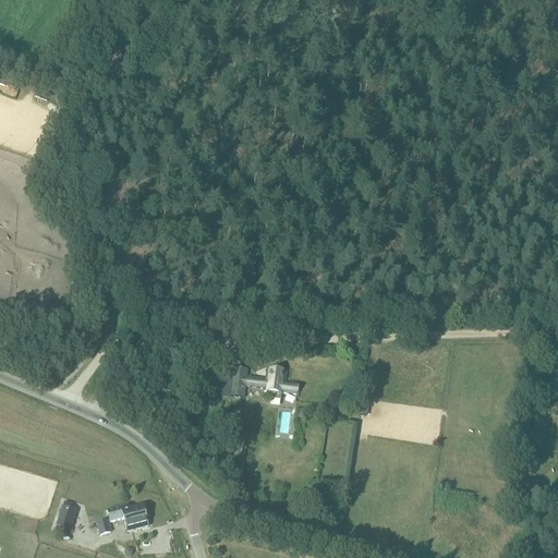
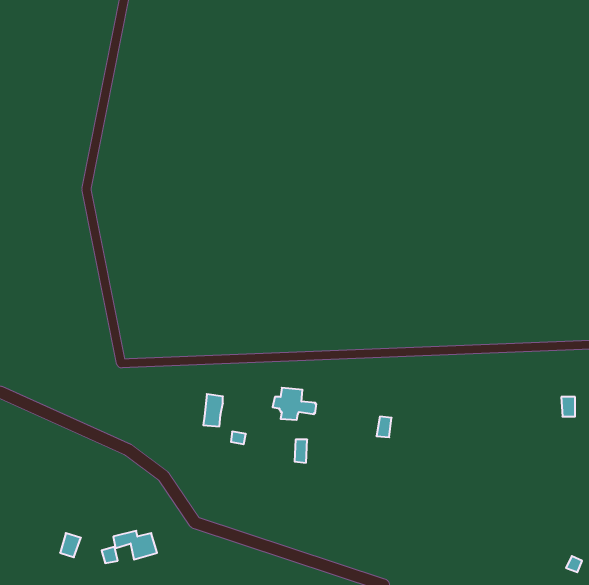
building: [230,364,248,395] -> [203,394,223,426]

